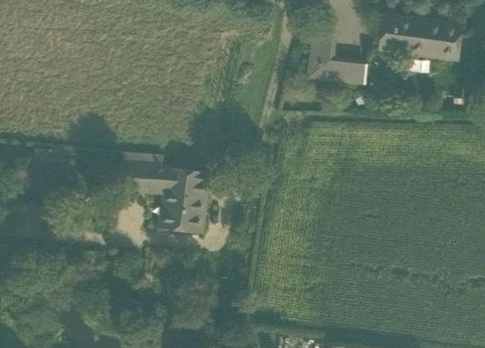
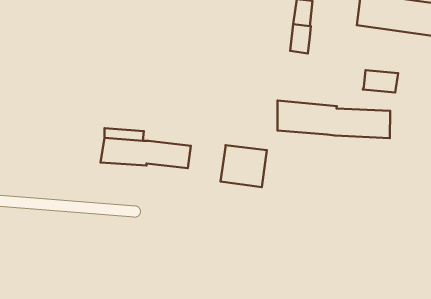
building: [327,61,363,84] -> [363,70,398,93]
building: none -> [277,100,390,138]
building: [159,191,206,234] -> [221,145,267,187]

